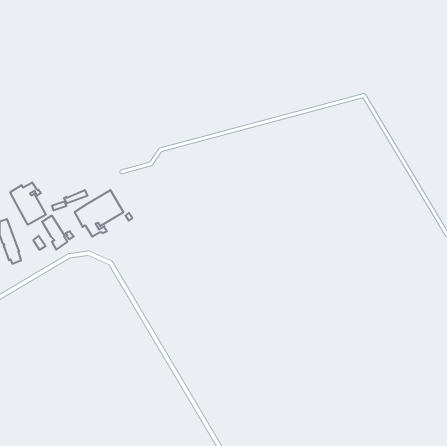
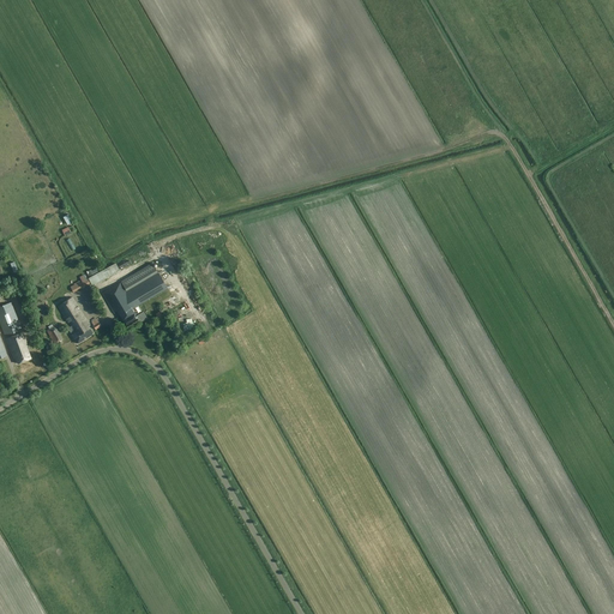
building: [10,182,46,225] -> none

